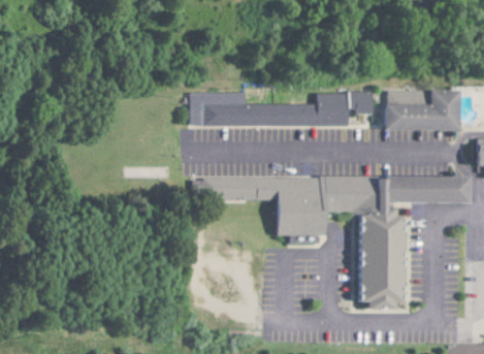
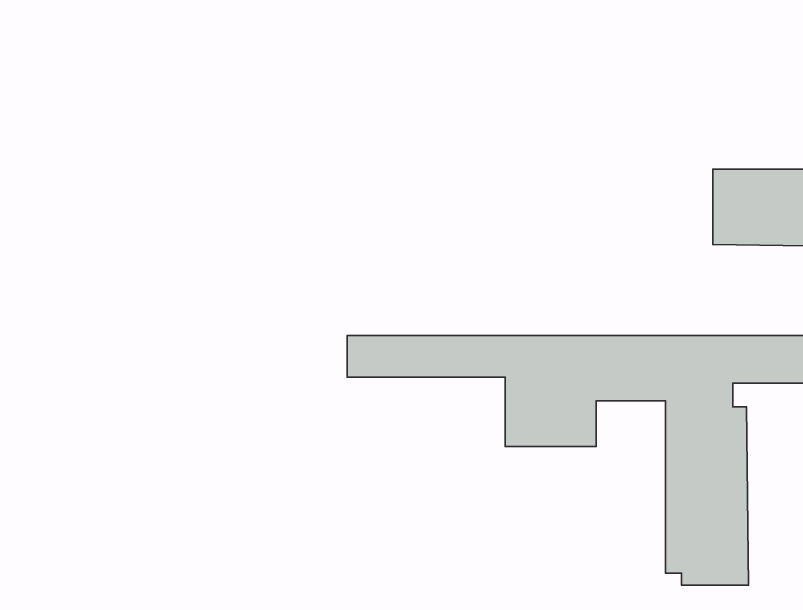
building: [191,92,374,125] -> none

